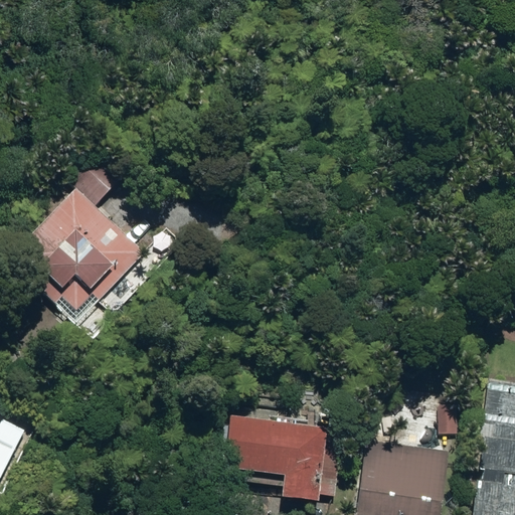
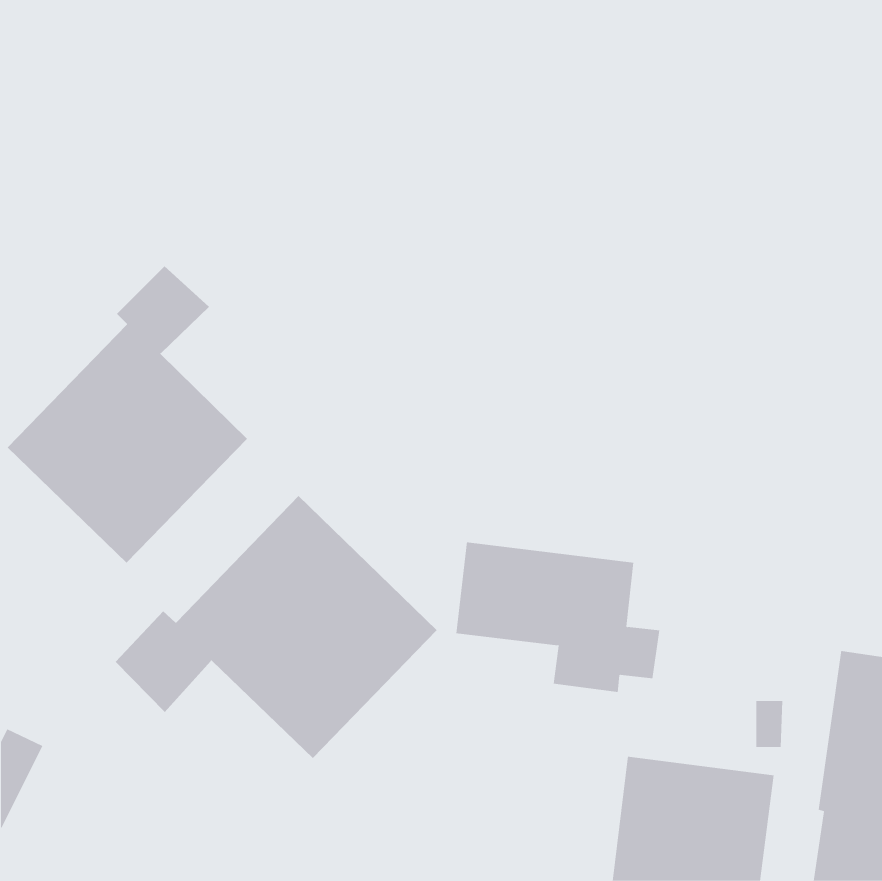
building: none -> [115,495,438,759]
building: [223,416,342,504] -> [456,542,660,693]

